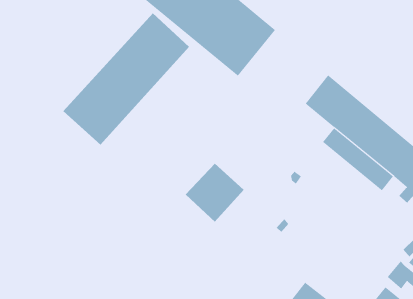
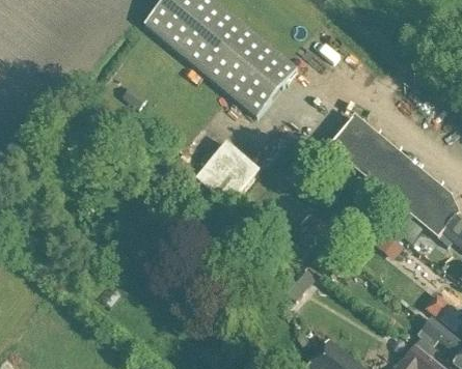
building: [62,12,190,145] -> none
building: [185,163,245,223] -> [193,142,257,206]

